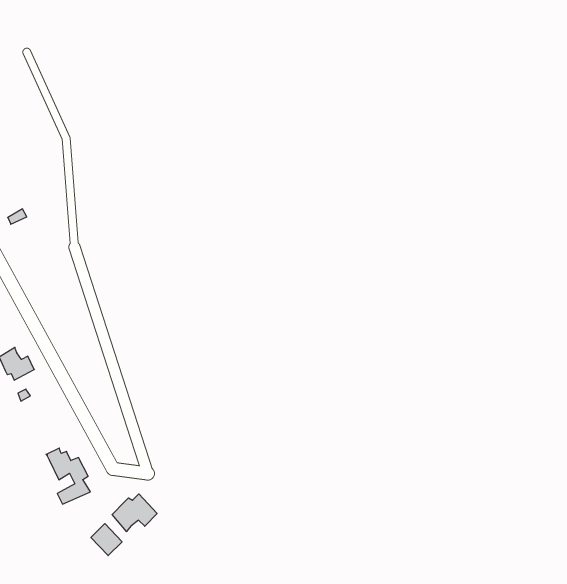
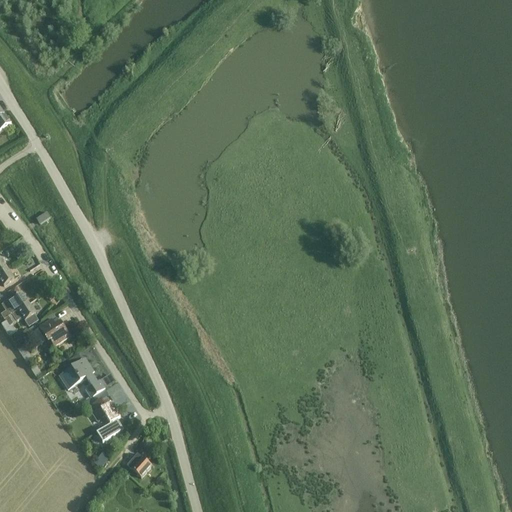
building: none -> [58,357,104,395]
building: [112,494,157,532] -> none

